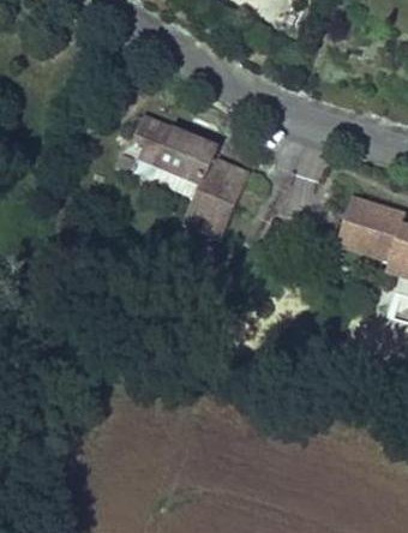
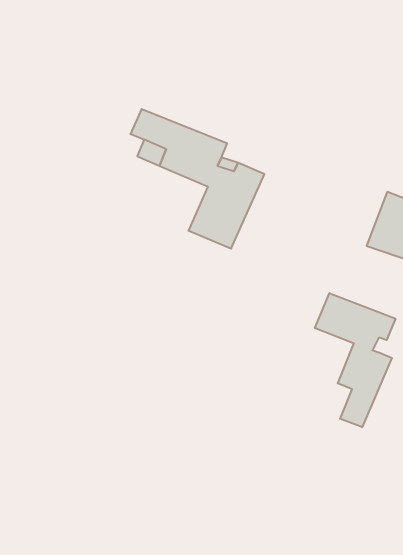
building: none -> [315,293,395,427]

